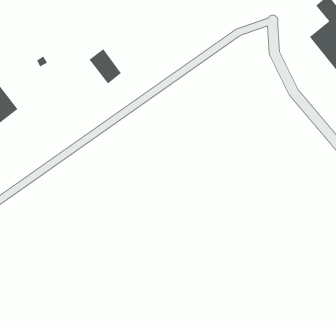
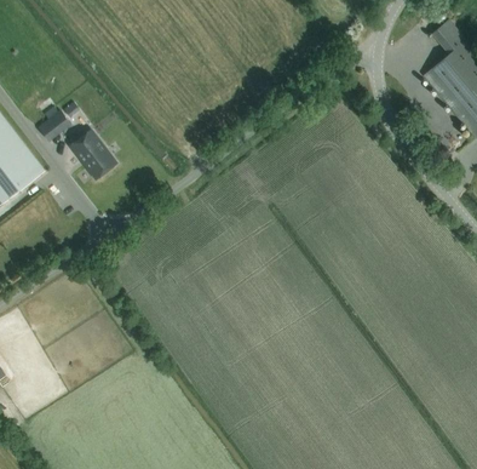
building: [89,48,122,84] -> [70,131,114,178]
building: none -> [36,109,70,141]

